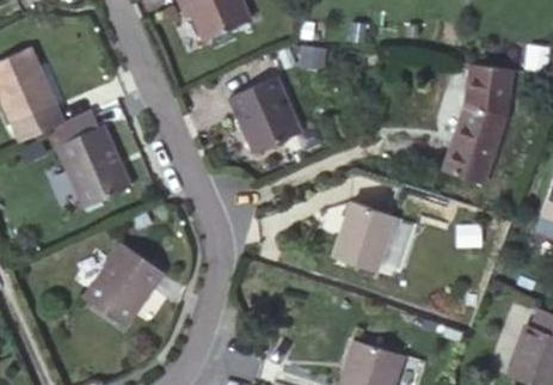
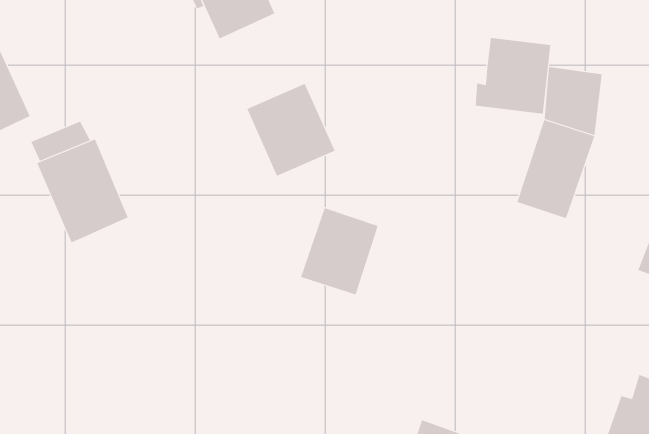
building: none -> [475,37,551,114]
building: [332,202,394,271] -> [300,208,379,295]
building: [87,242,166,324] -> none

